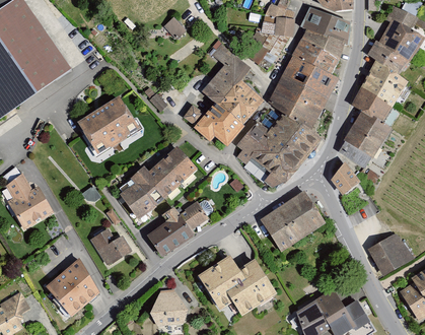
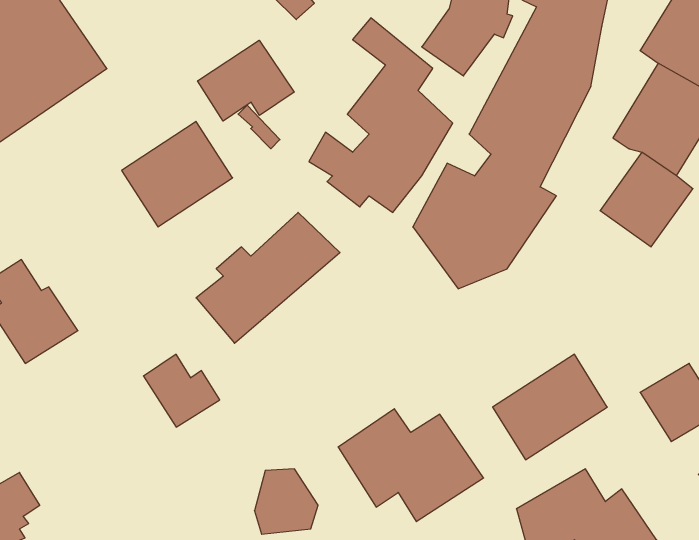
building: none -> [198,40,294,121]
building: [327,159,358,191] -> none
building: [259,192,323,251] -> [493,354,607,460]
building: [144,200,208,259] -> none
building: [46,256,100,316] -> none

